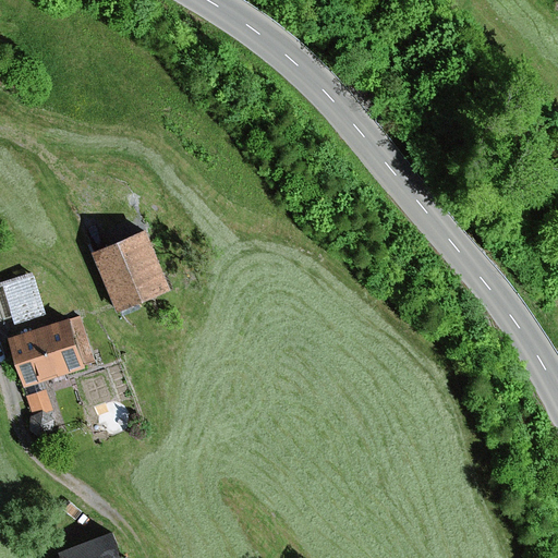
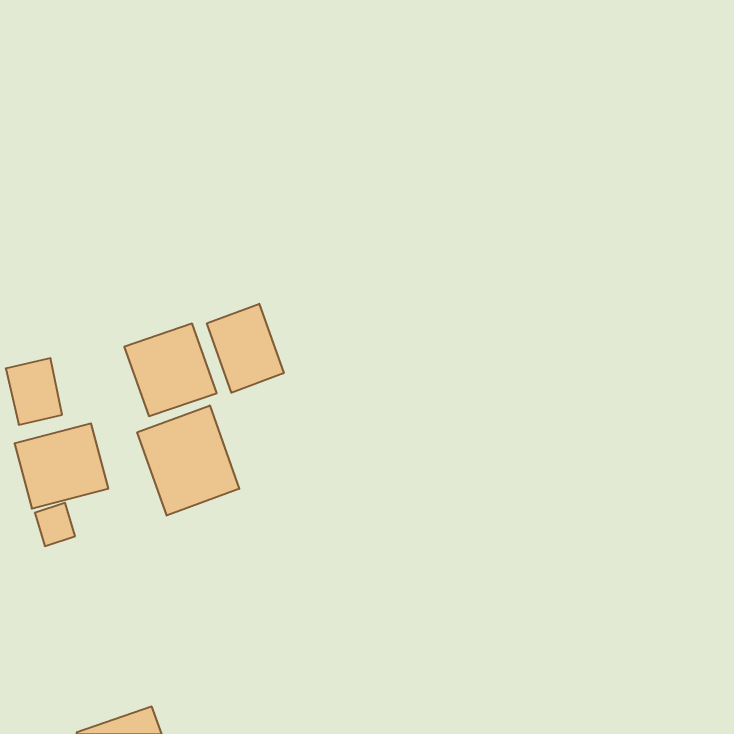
building: none -> [207,304,284,393]
building: none -> [137,405,239,516]

